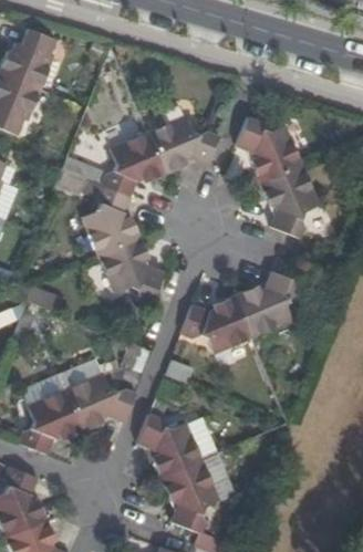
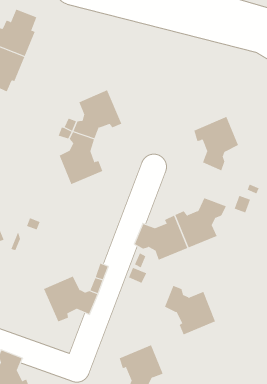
building: [147,115,218,176] -> none
building: [235,116,301,185] -> none
building: [100,237,165,301] -> none
building: [20,388,83,454] -> none
building: [137,414,204,478] -> [164,285,216,335]

